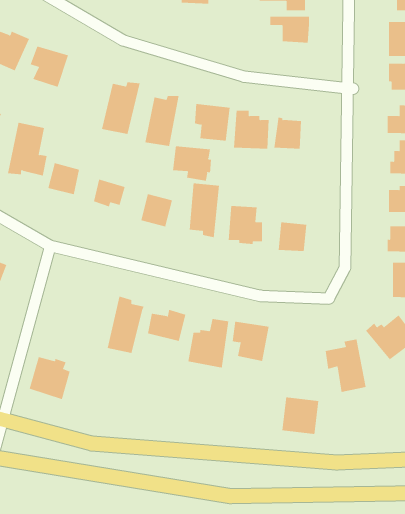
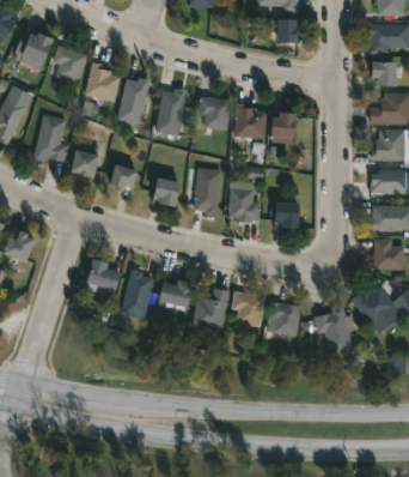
building: none -> [85,62,120,102]
building: [173,146,211,181] -> none
building: [29,357,71,400] -> [83,259,120,297]
building: [281,397,319,435] -> [267,302,300,336]

